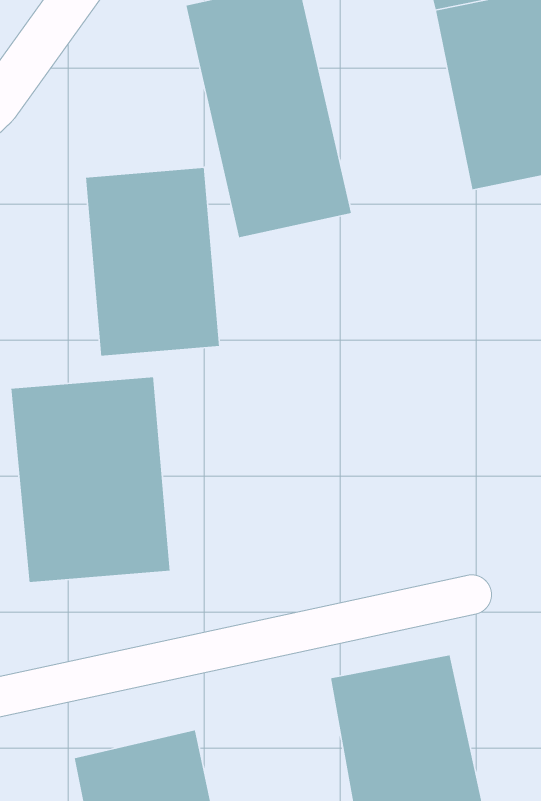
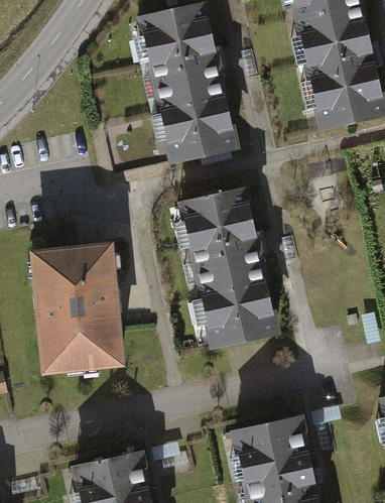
building: [85,167,220,356] -> none
building: none -> [175,191,279,352]

